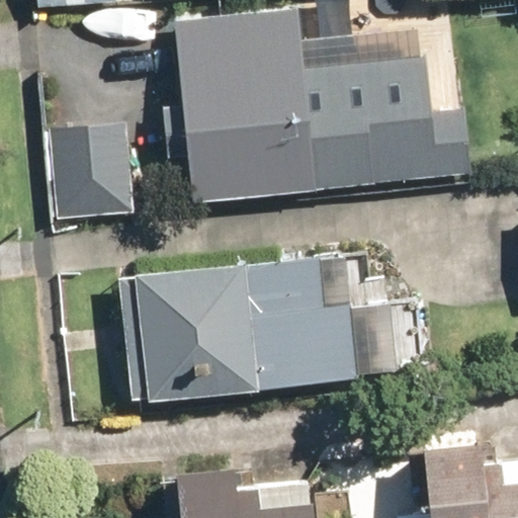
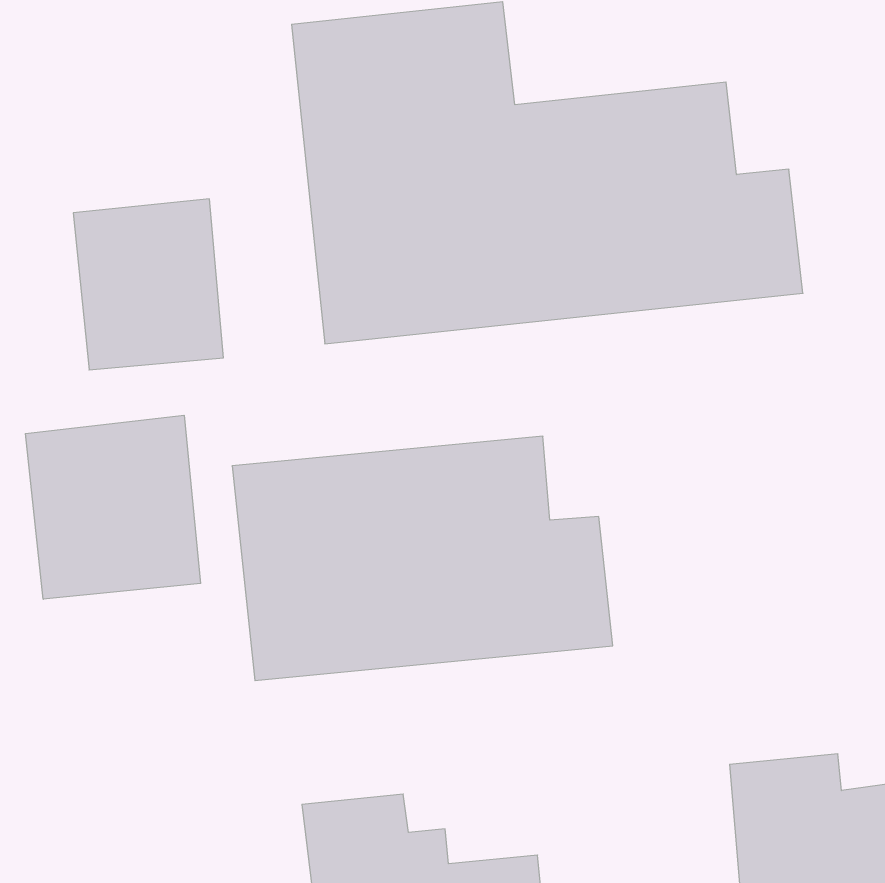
building: none -> [25,415,201,599]

